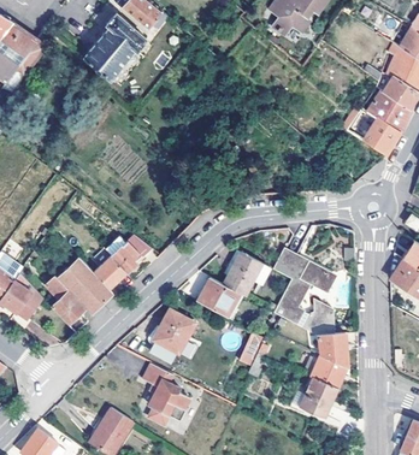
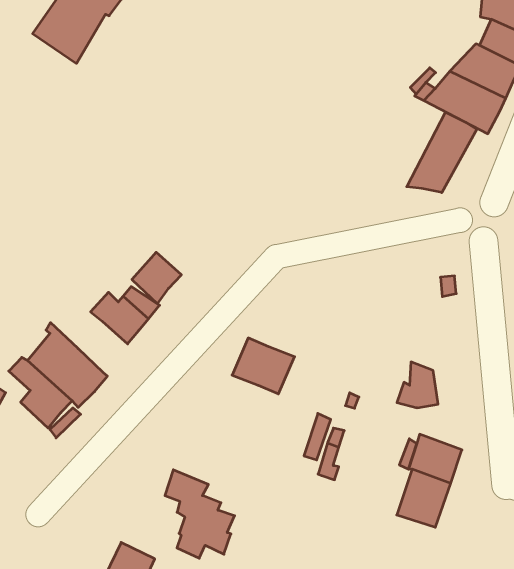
building: none -> [407,112,477,193]
building: [275,249,336,326] -> none
building: [223,252,262,296] -> none
building: [94,256,128,291] -> [132,252,181,304]
building: [154,309,194,351] -> none
building: [319,333,347,366] -> none

